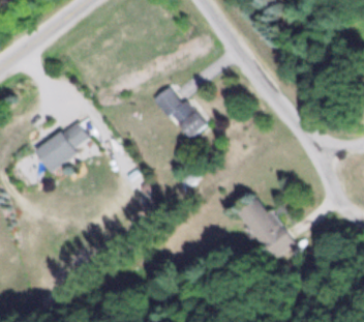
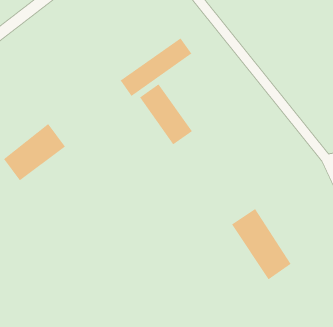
building: none -> [120,37,192,97]

